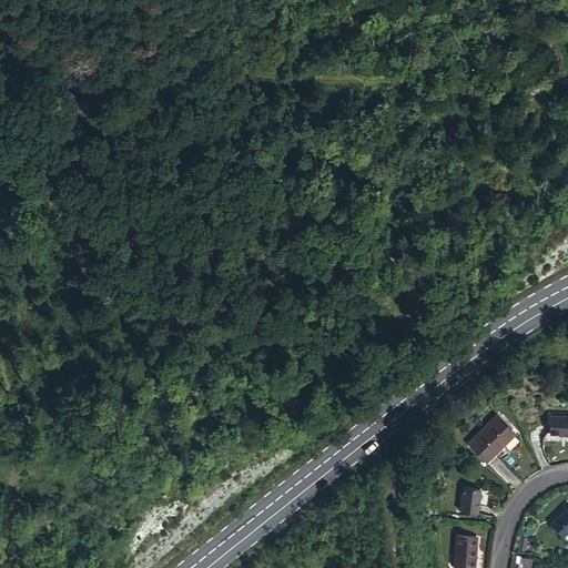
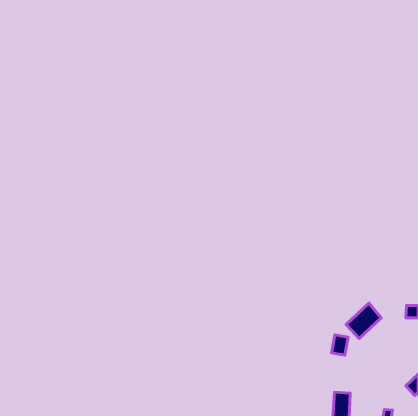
building: [458,490,480,518] -> [332,335,348,355]

